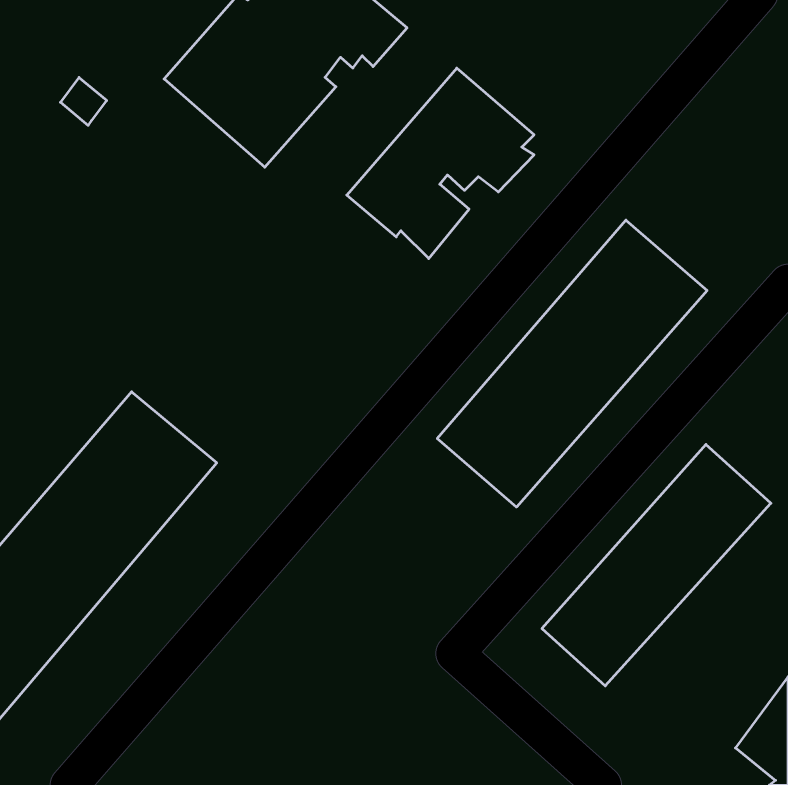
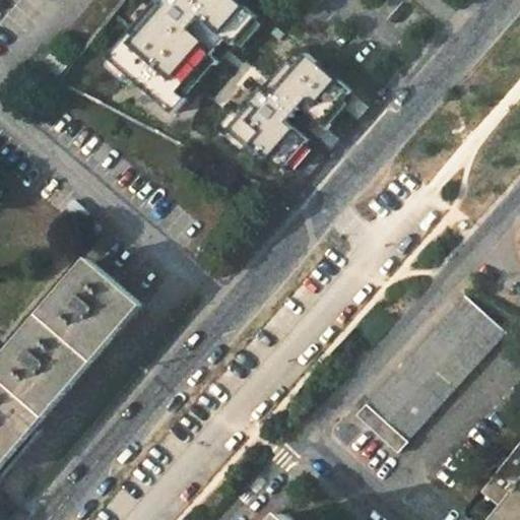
building: [437,220,707,507] -> none

